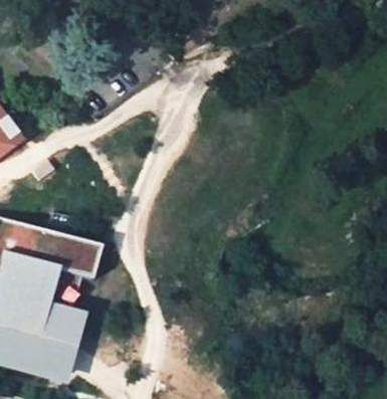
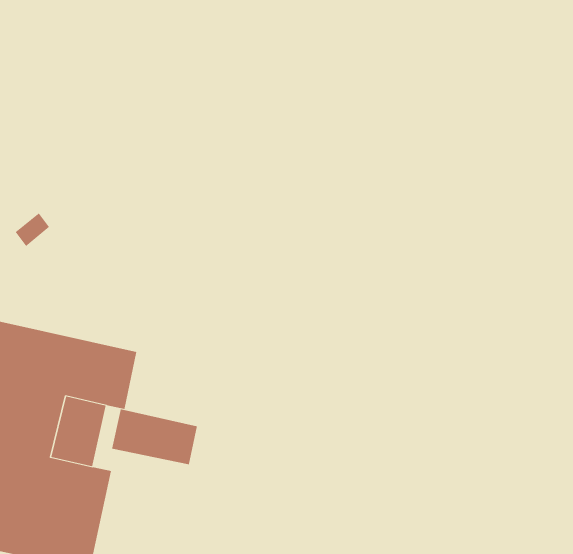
building: none -> [111,409,197,465]

